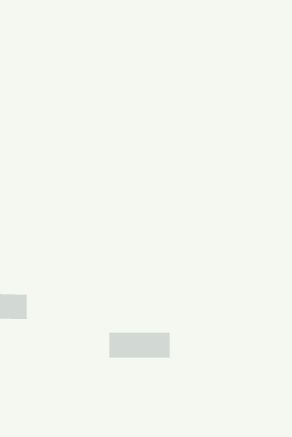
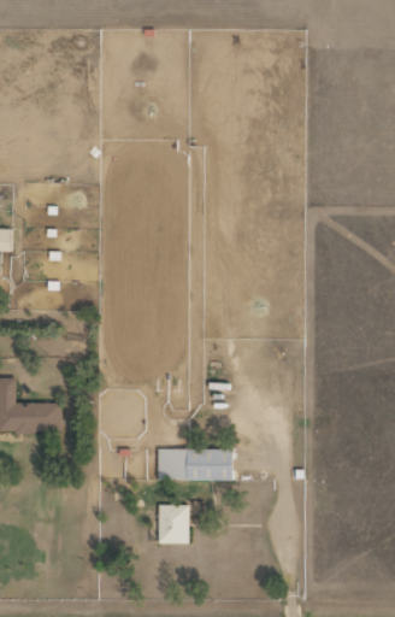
building: none -> [158,504,189,542]

